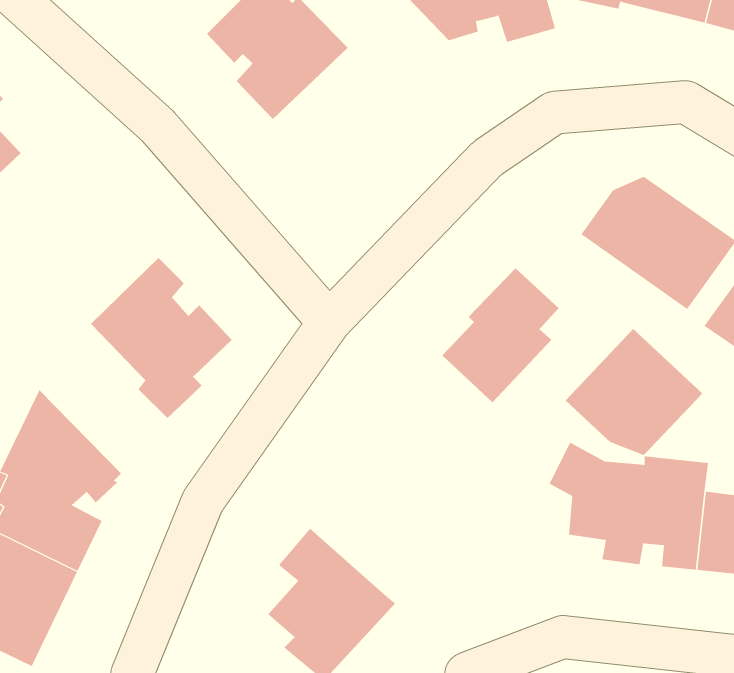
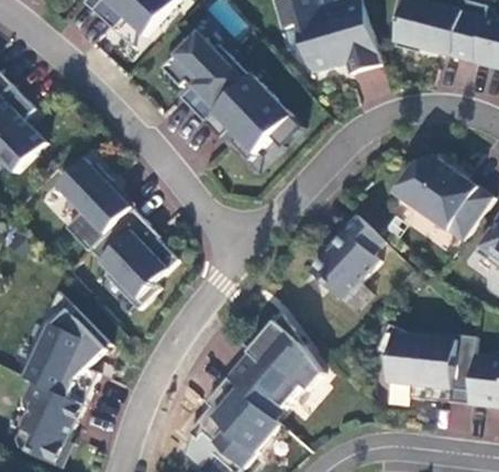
building: none -> [203,74,303,158]
building: none -> [58,158,132,250]
building: [565,328,703,456] -> none
building: none -> [226,314,323,418]

